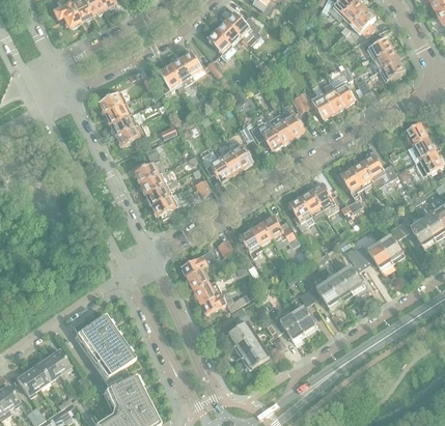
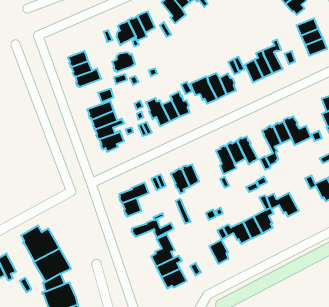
building: [99,89,126,113] -> [112,52,135,72]
building: [262,215,299,247] -> none
building: [379,224,405,262] -> none
building: [193,279,222,304] -> none
building: [269,315,305,341] -> none

